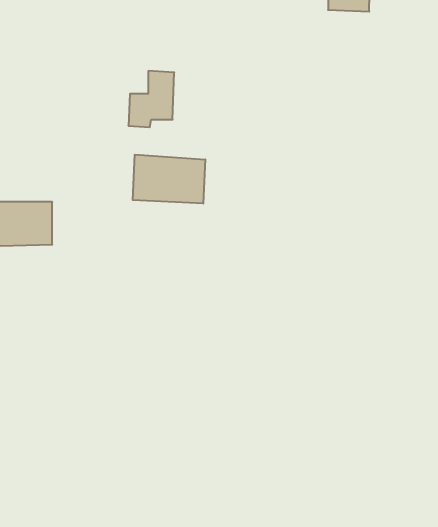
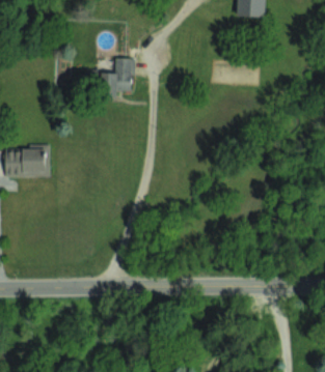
building: [133,155,205,204] -> none

